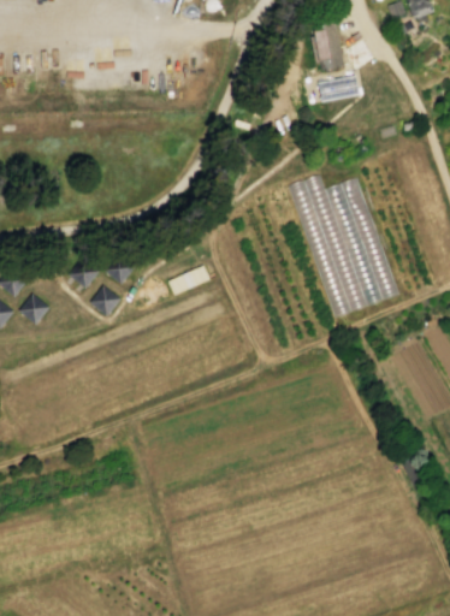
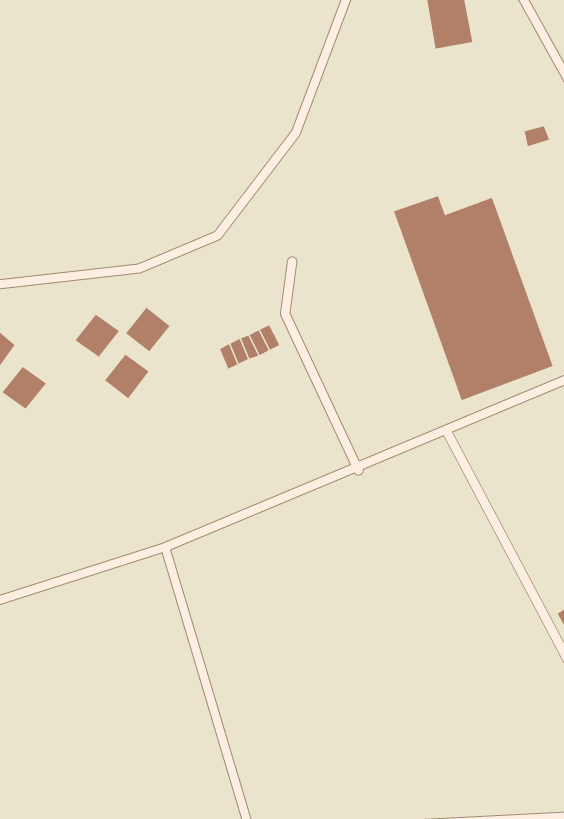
building: [319,76,359,101] -> none

